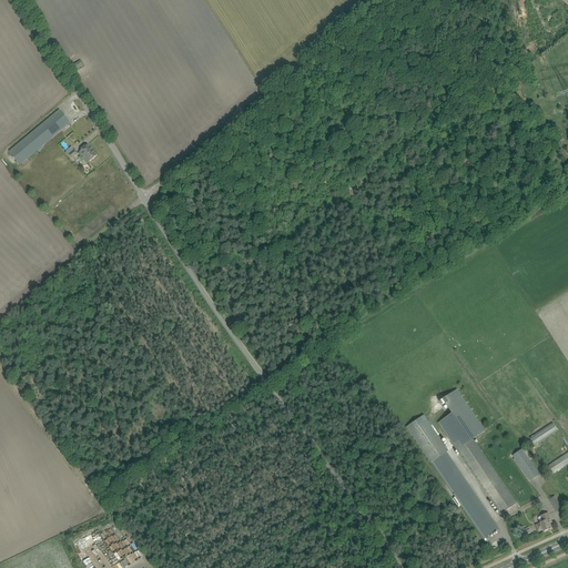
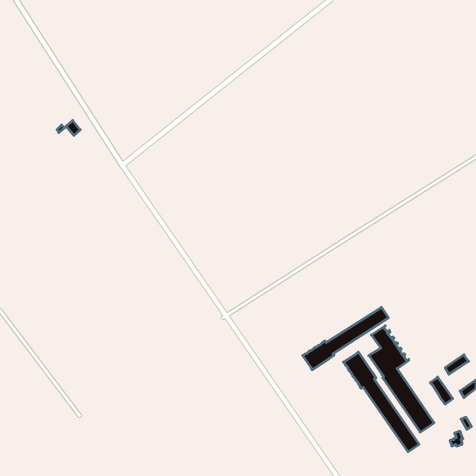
building: [8,109,69,163] -> none
building: none -> [303,307,388,370]

